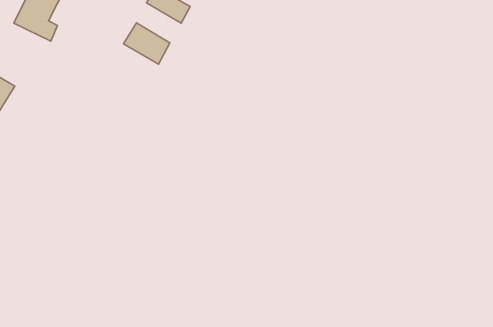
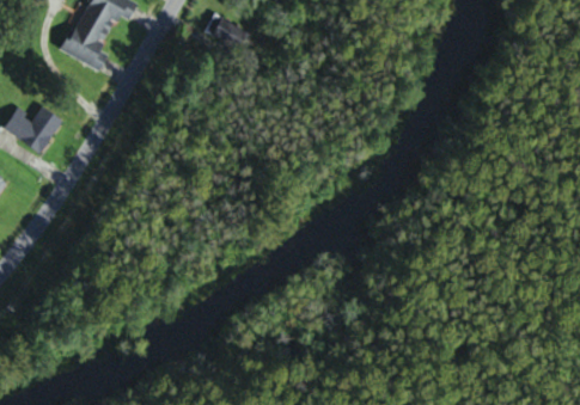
building: [123,23,170,64] -> none

